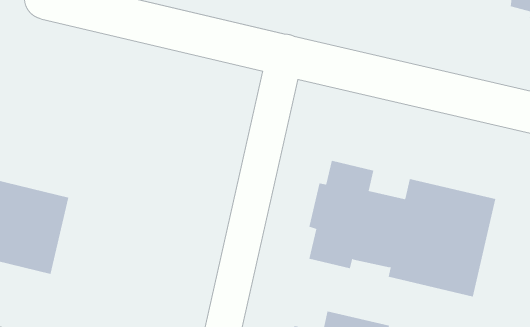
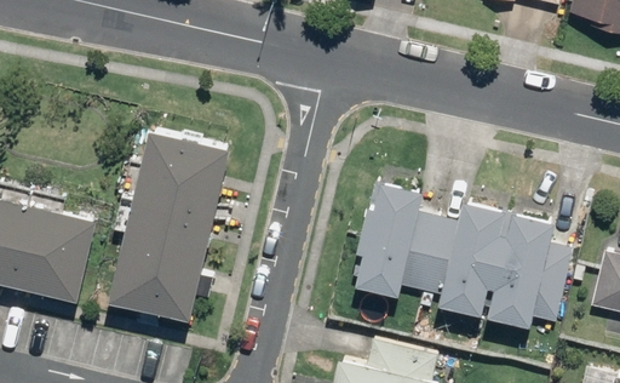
building: none -> [107,127,230,319]

